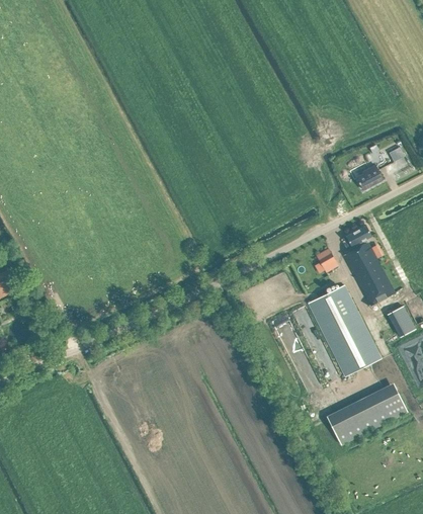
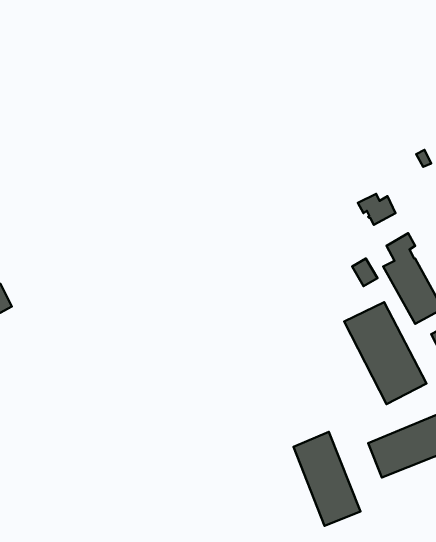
building: [349,162,383,189] -> [358,194,396,225]
building: none -> [294,432,361,526]

